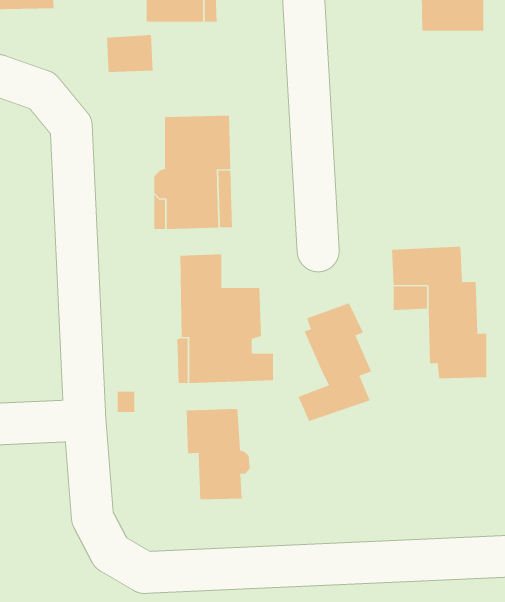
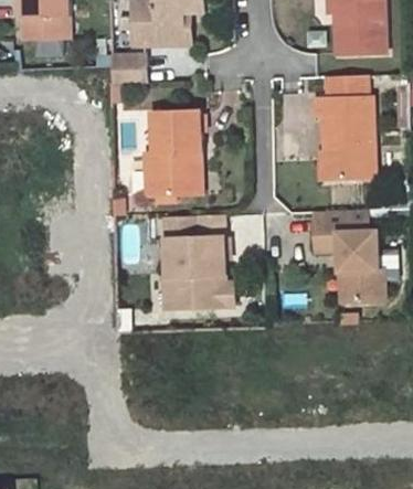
building: none -> [316,75,374,182]
building: [298,303,372,422] -> none
building: [186,408,250,500] -> none

